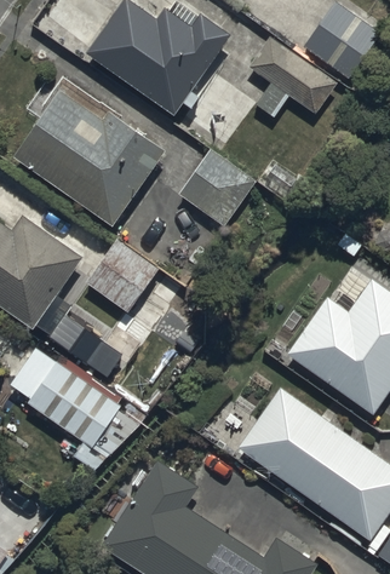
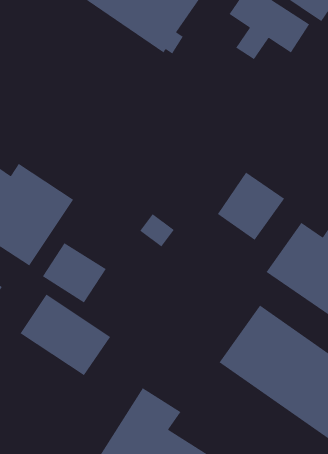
building: [12,96,166,231] -> none
building: [182,140,256,216] -> [217,172,285,241]
building: [87,245,159,316] -> none

